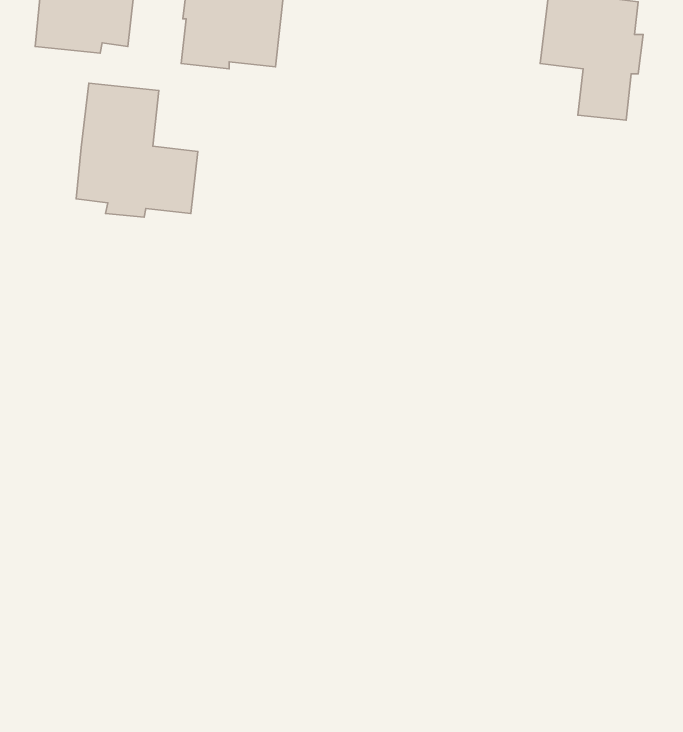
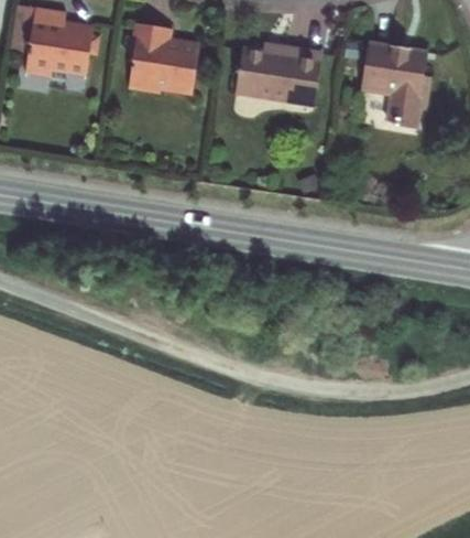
building: none -> [242,55,323,111]
building: [76,83,198,217] -> none

